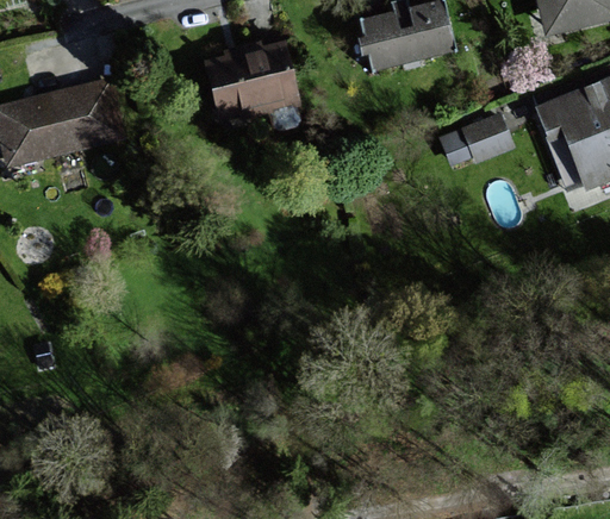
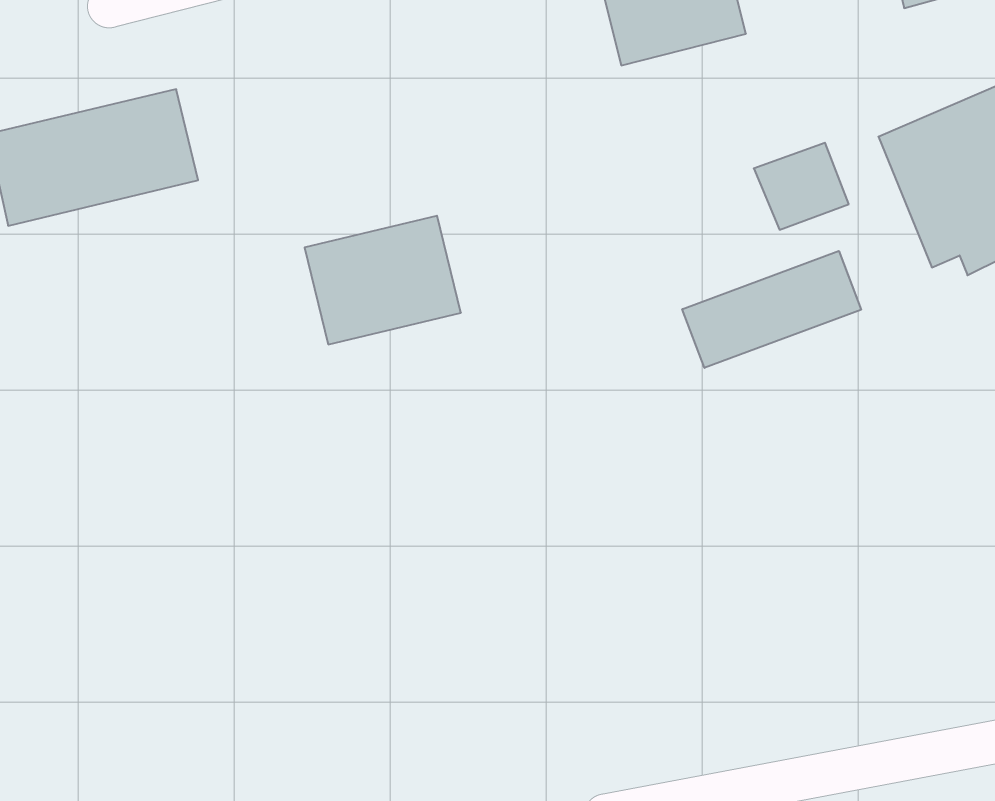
building: [205,40,299,118] -> [305,216,461,344]
building: none -> [682,251,861,368]

